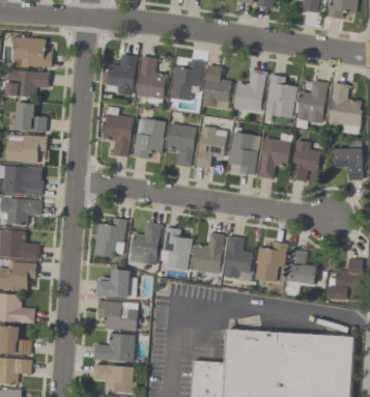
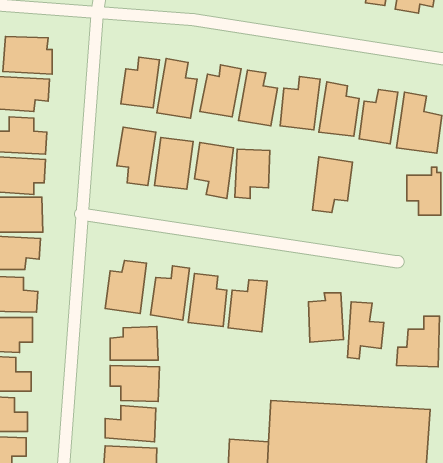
building: [227,131,259,174] -> none
building: [292,141,320,180] -> none
building: [223,235,253,280] -> none

